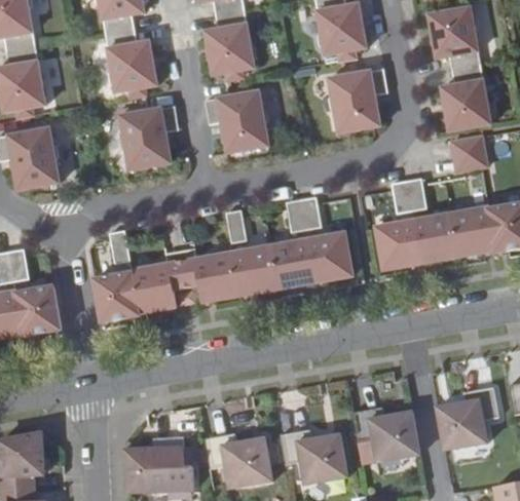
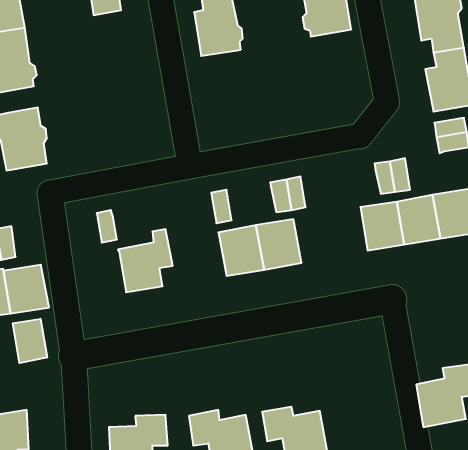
building: [106,28,158,91] -> none
building: [329,68,386,133] -> none
building: [205,90,268,153] -> none
building: [119,105,178,170] -> none
building: [308,233,354,283] -> none
building: [179,247,240,304] -> none
building: [94,272,139,322] -> none
building: none -> [13,319,47,363]
building: [347,406,416,462] -> none

